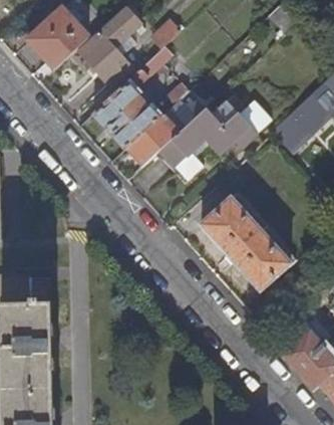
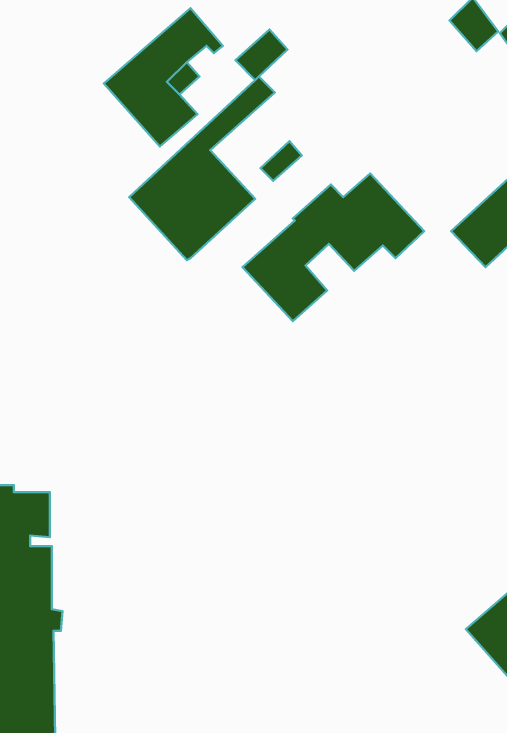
building: [27,8,88,68] -> none
building: [126,108,185,164] -> none
building: [201,192,295,288] -> none

